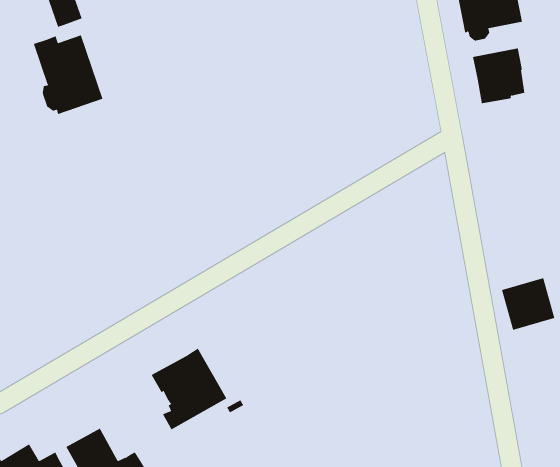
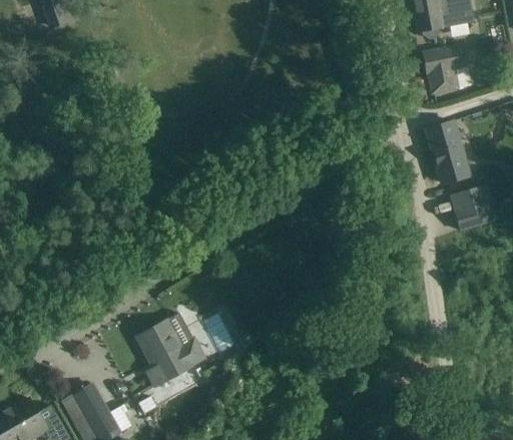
building: [33,35,103,115] -> none
building: none -> [425,121,465,183]
building: [501,278,555,330] -> [449,185,497,233]

